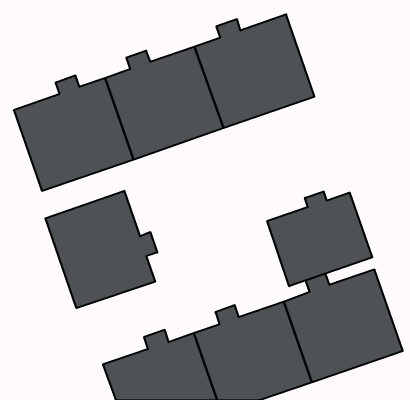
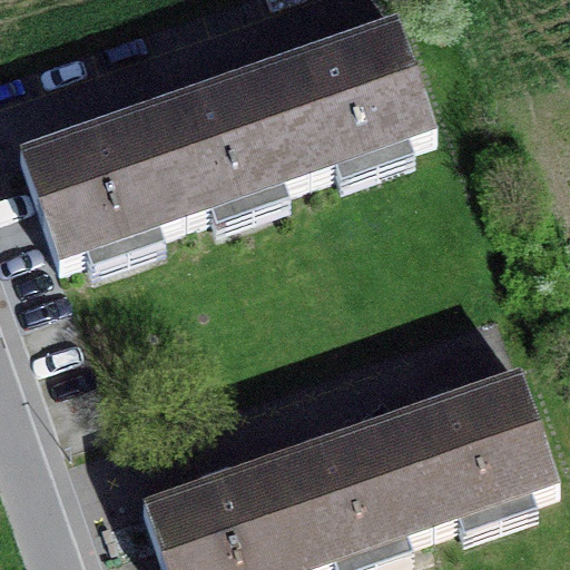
building: [45,191,157,308] -> none
building: [267,191,372,286] -> none

